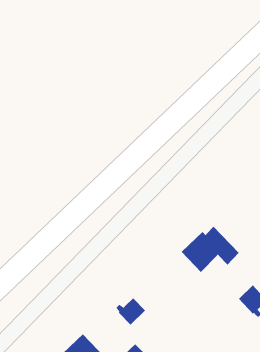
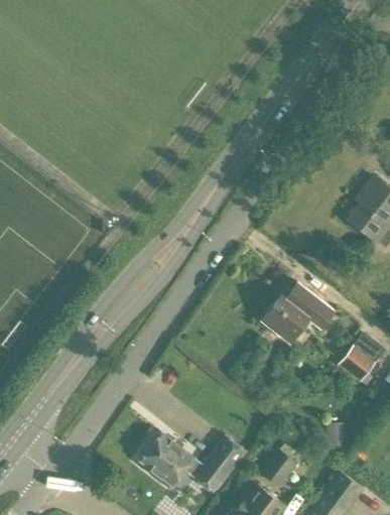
building: [115,298,146,326] -> none

